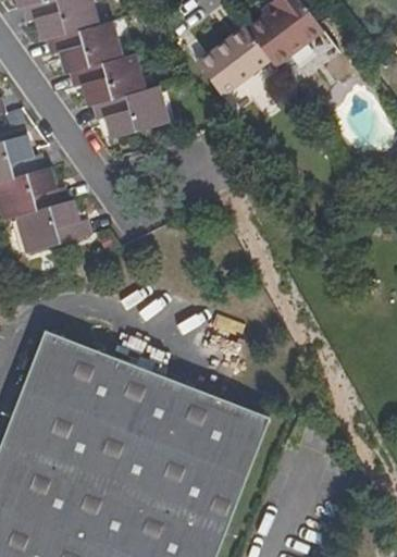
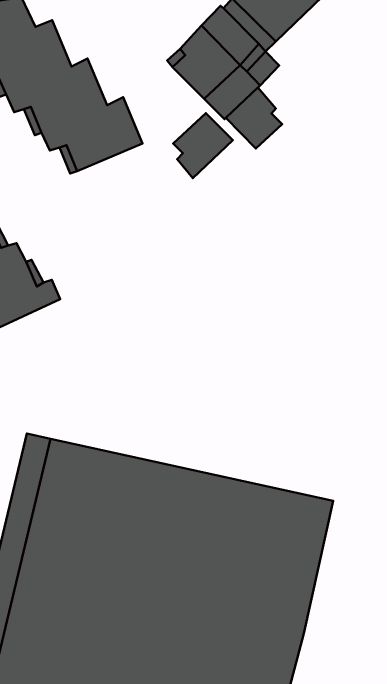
building: none -> [226,88,282,148]
building: none -> [173,113,233,178]

